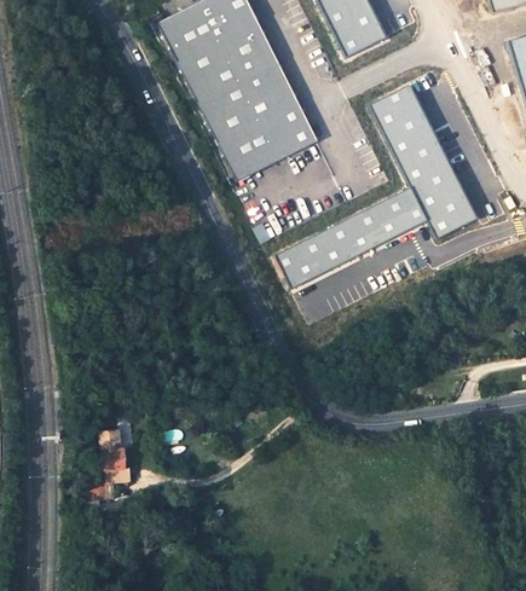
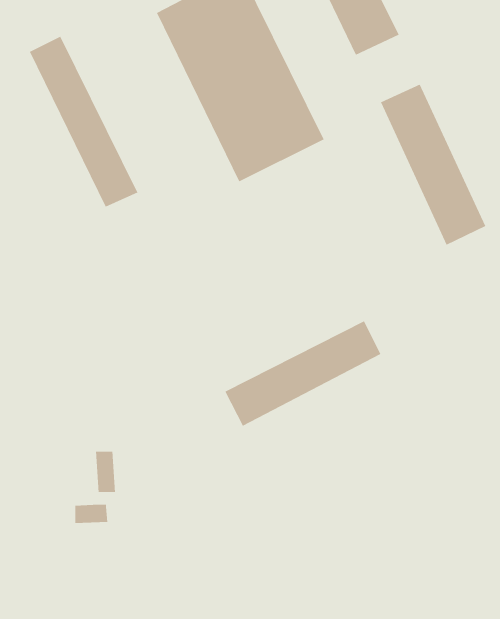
building: none -> [29,36,138,208]
building: [274,187,421,286] -> [225,320,381,426]

